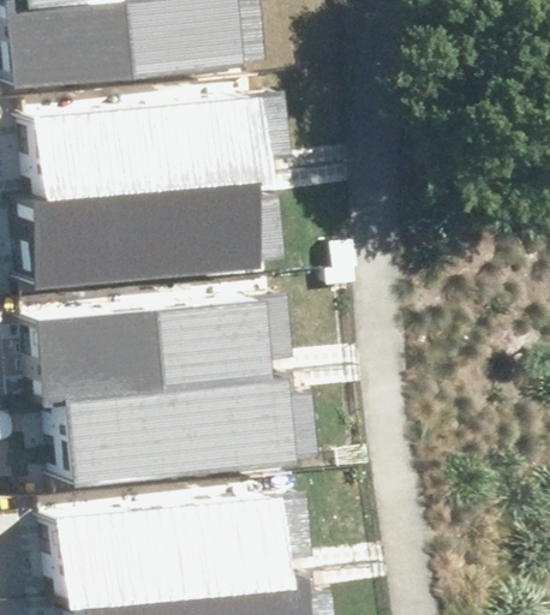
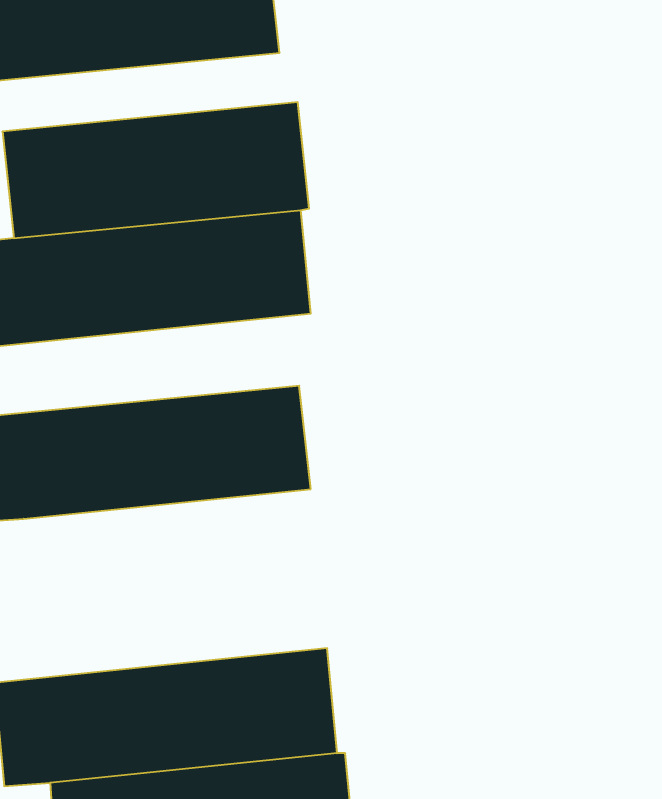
building: [54,376,301,478] -> none

